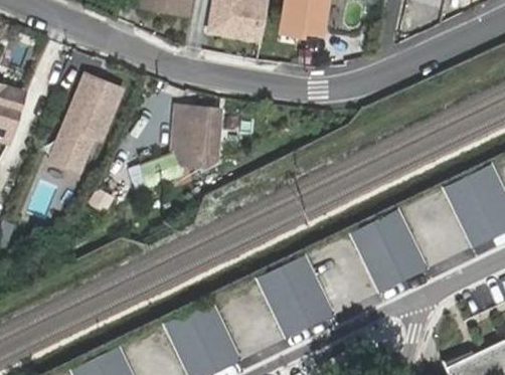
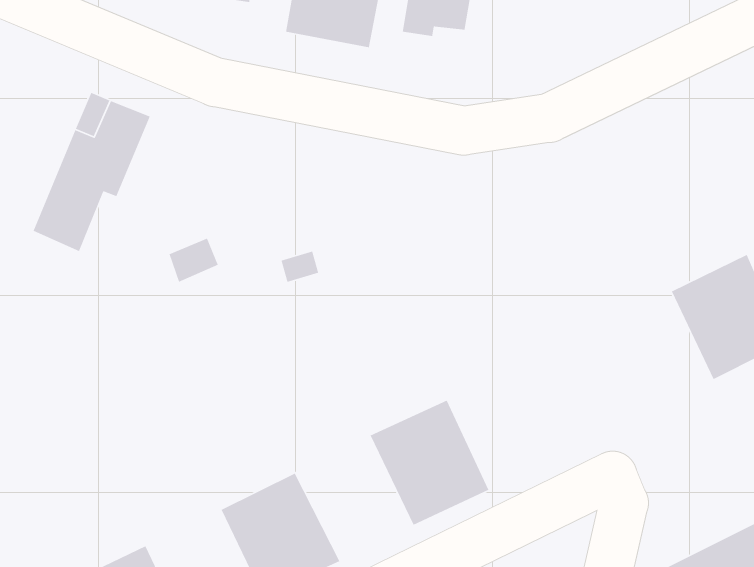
building: [166,101,216,162] -> none
building: [354,214,428,292] -> none

